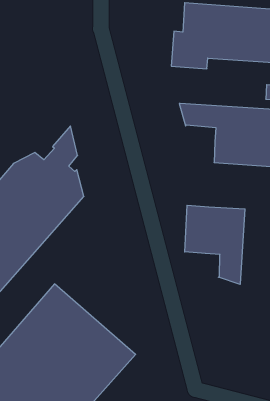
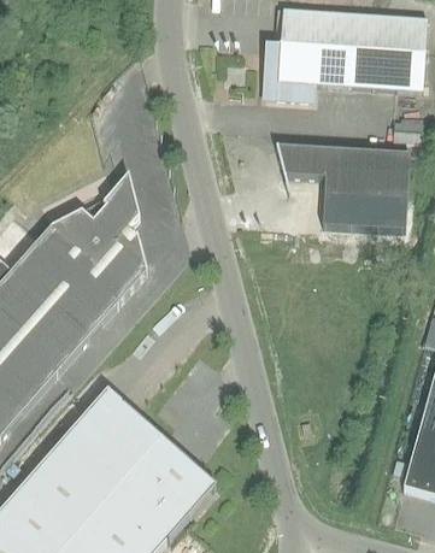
building: [185,205,245,284] -> none

